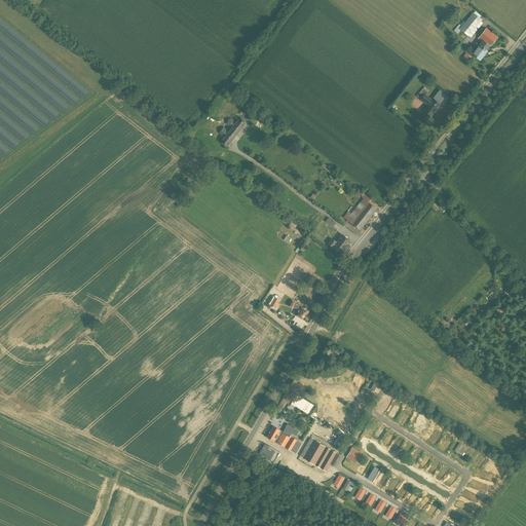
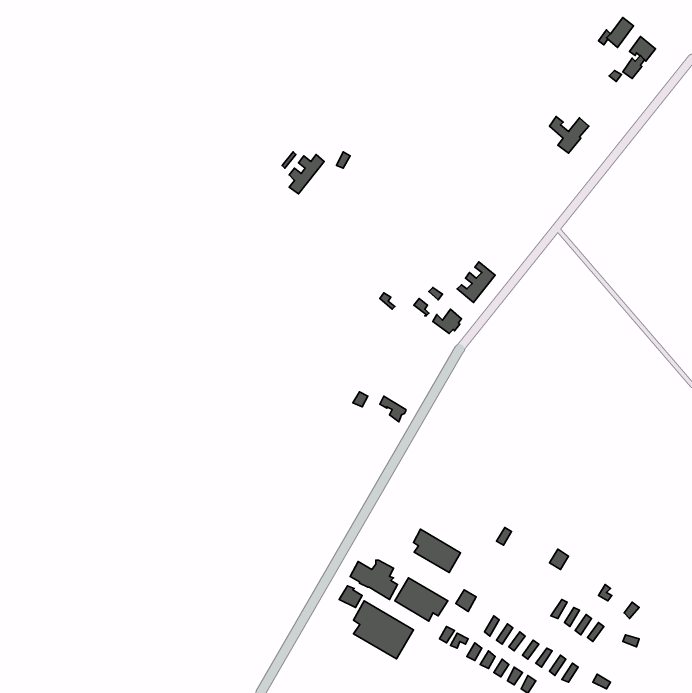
building: none -> [413,529,461,572]
building: none -> [353,601,413,659]

